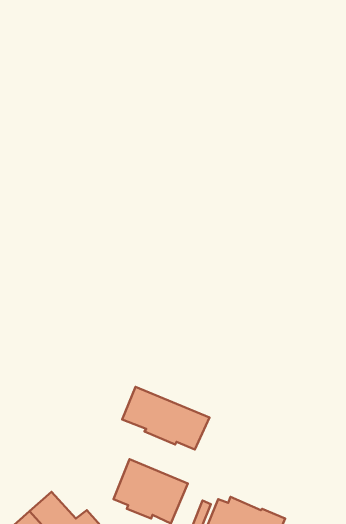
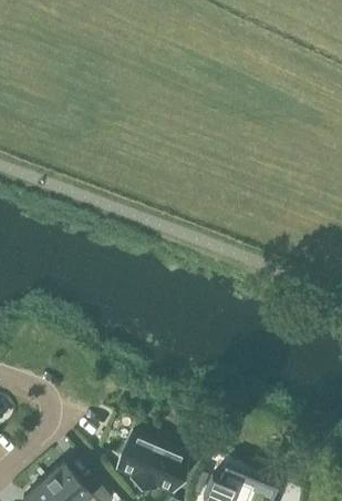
building: [122,387,209,449] -> none

